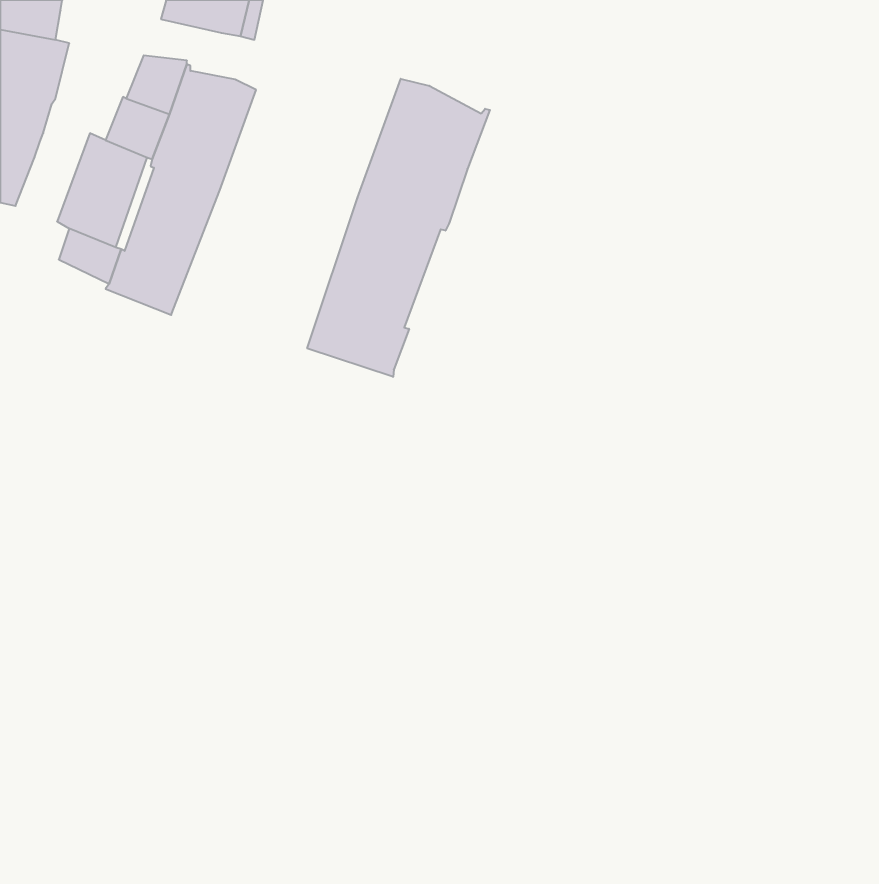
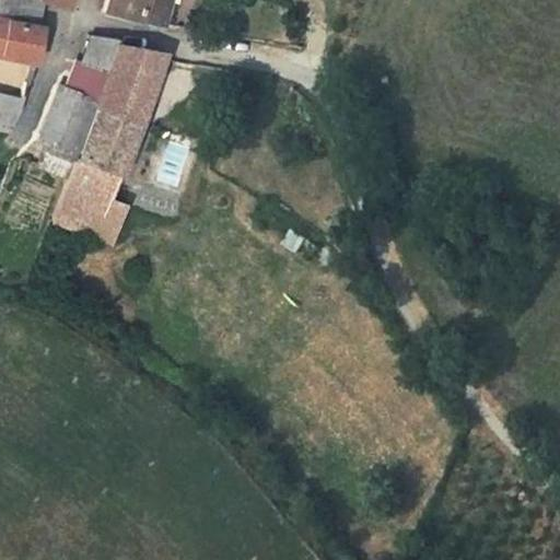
building: [307,79,490,377] -> none
building: none -> [56,183,127,243]

